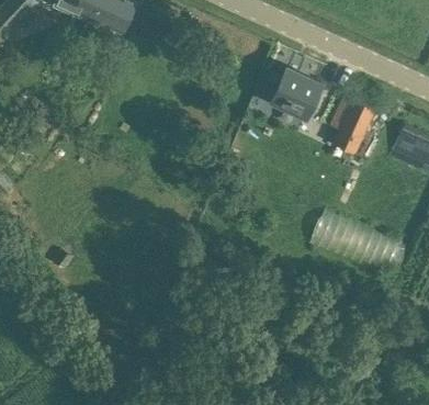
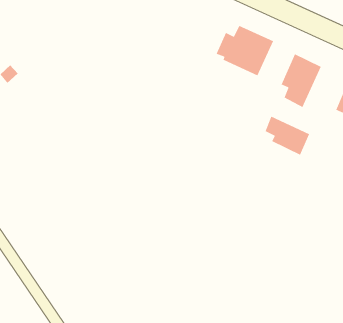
building: none -> [265,116,310,156]

